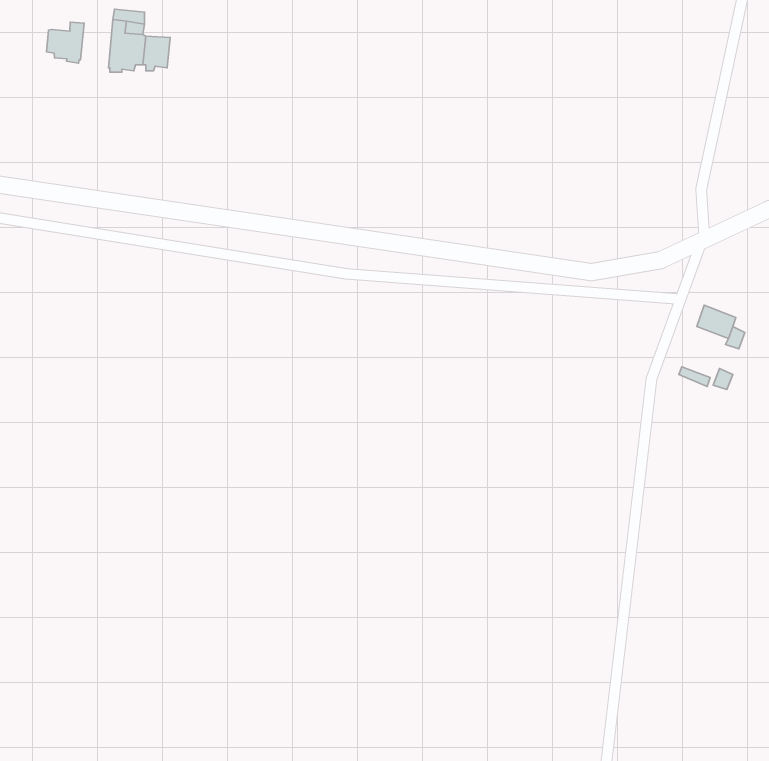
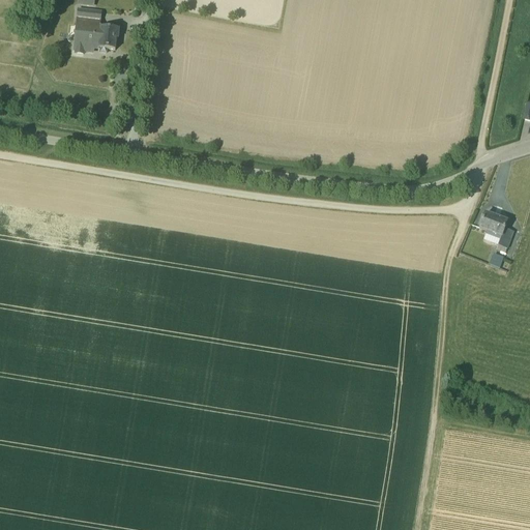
building: [47,22,84,63] -> none

